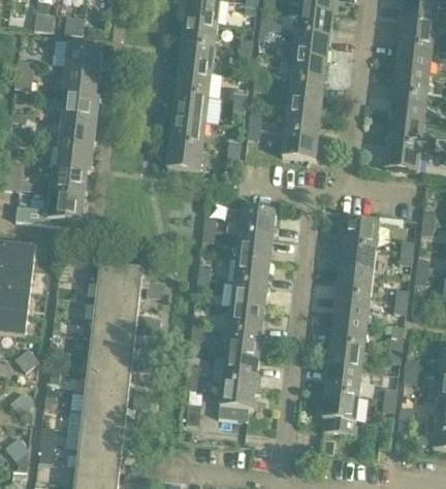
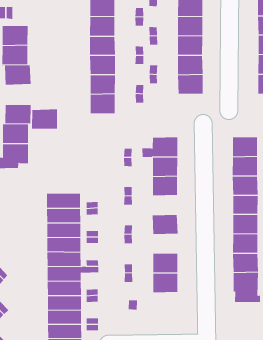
building: [59,118,96,146] -> [31,109,58,129]
building: [230,282,266,309] -> none
building: [221,330,261,359] -> none

